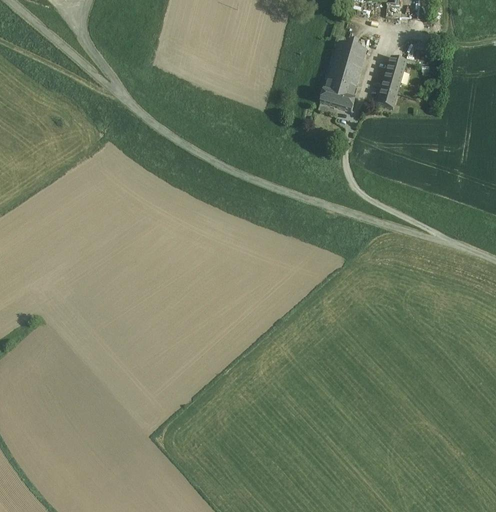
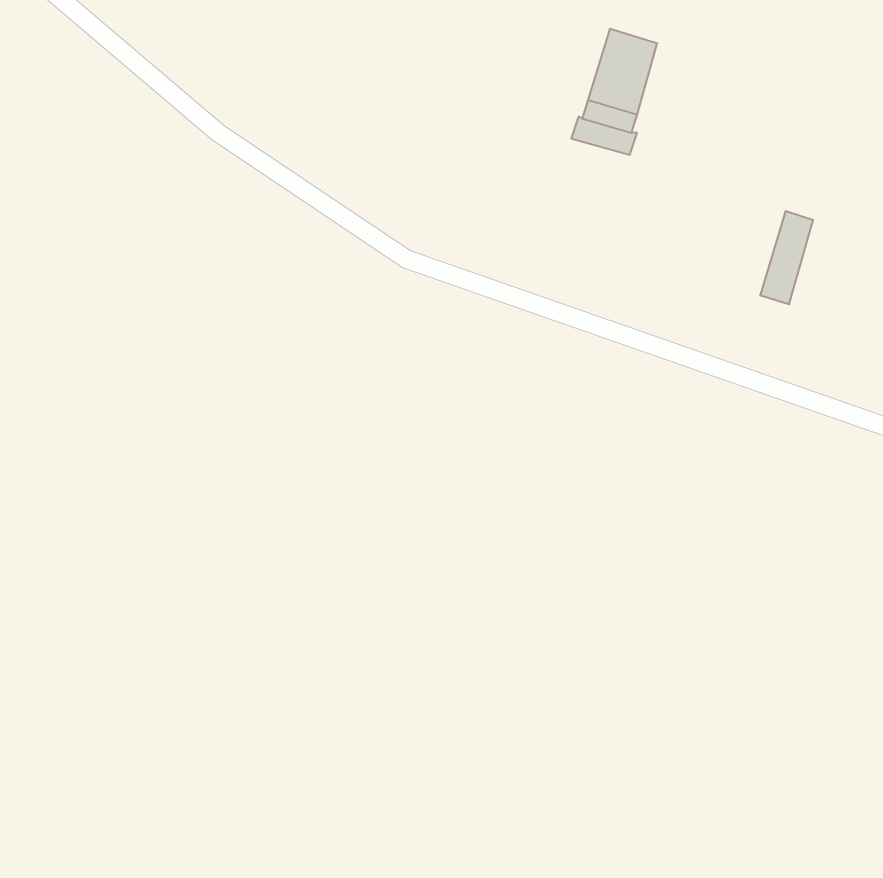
building: [378,52,407,103] -> [760,211,813,304]

